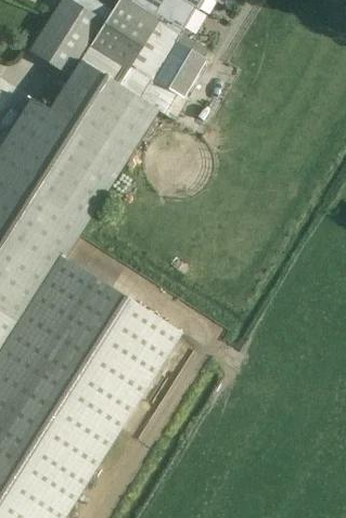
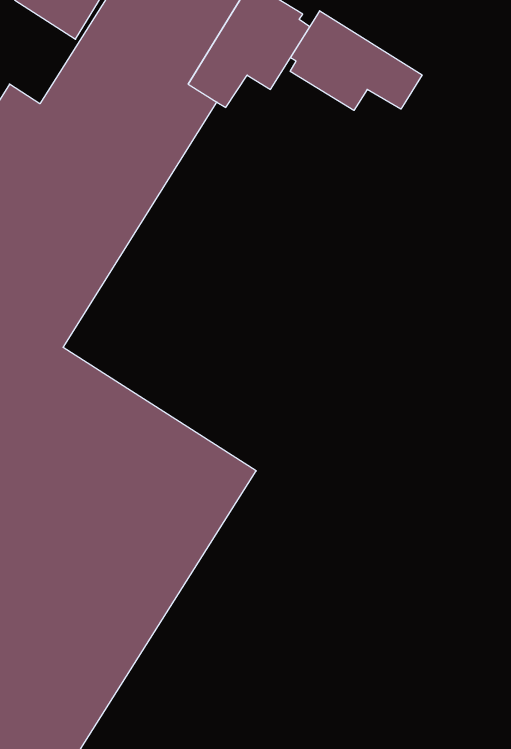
building: none -> [290,11,422,110]

